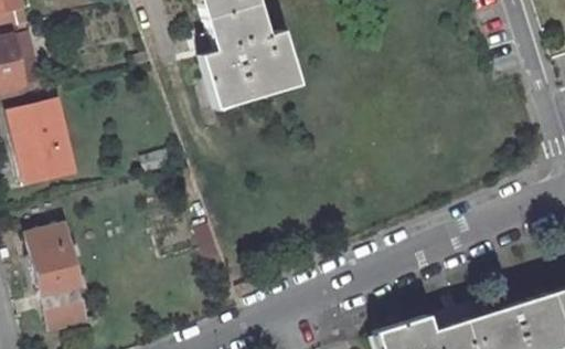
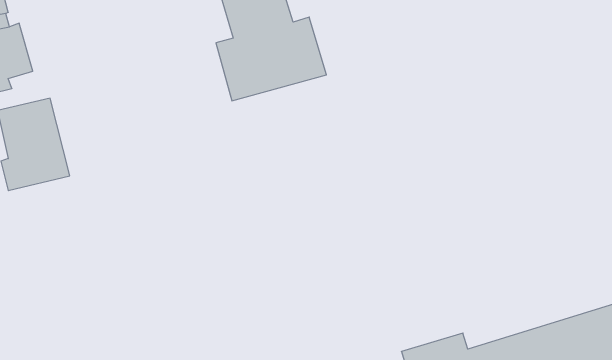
building: [29,226,90,329] -> none

